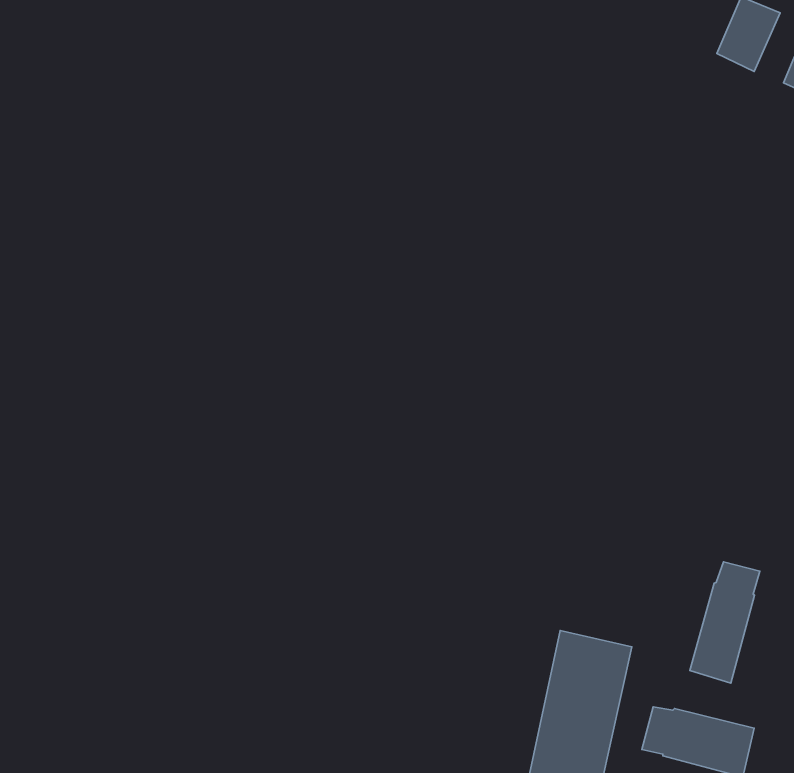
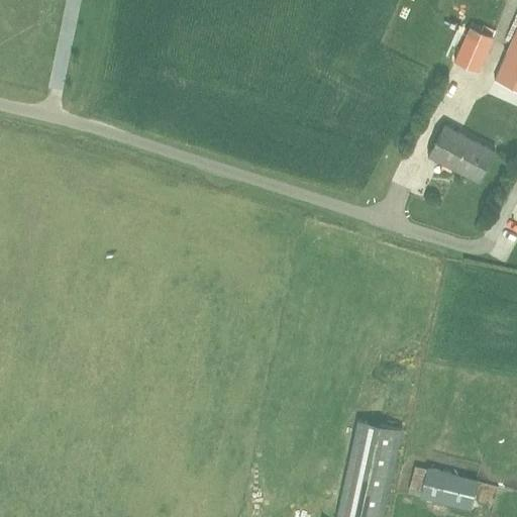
building: none -> [429,125,495,183]
building: [690,562,760,683] -> none

